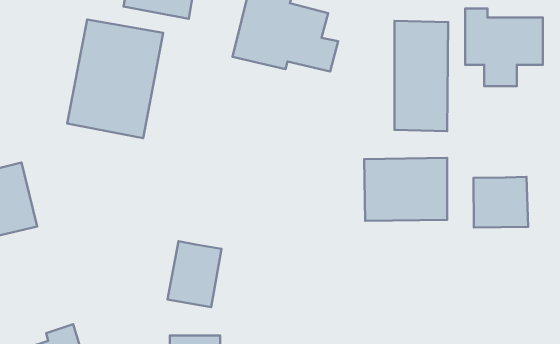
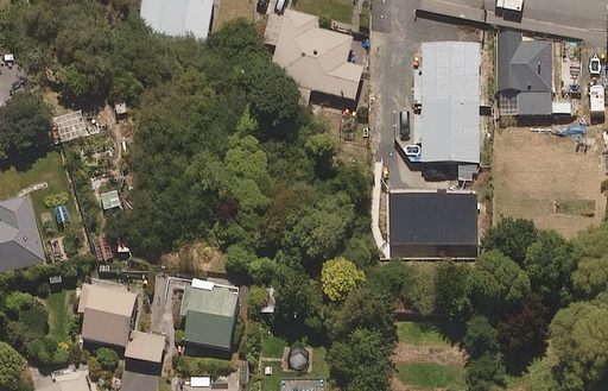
building: [67,20,163,138] -> none
building: [474,177,528,227] -> none
building: none -> [81,285,162,364]

